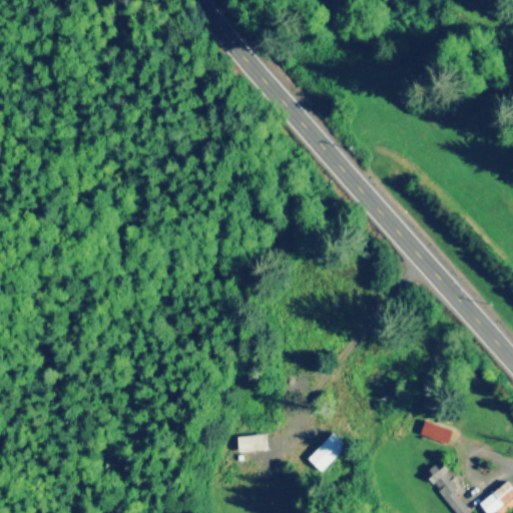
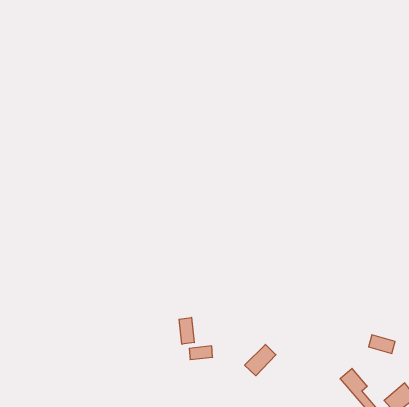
building: none -> [179,317,194,344]
building: [420,422,453,445] -> [369,335,395,353]

